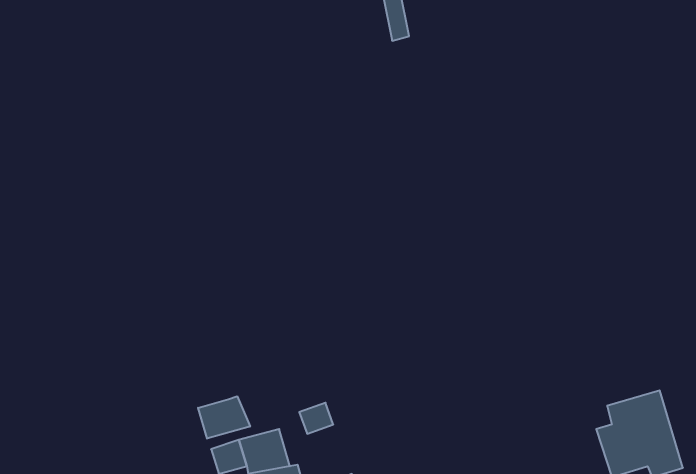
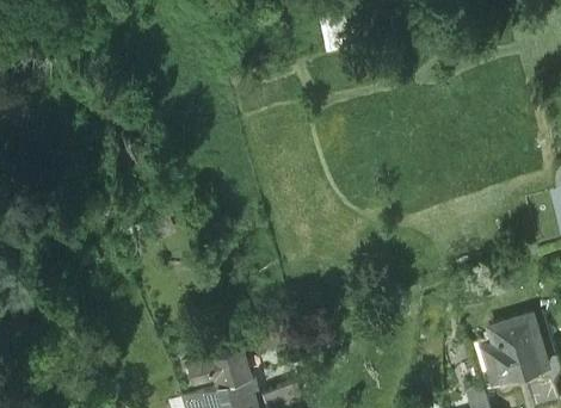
building: [198,396,250,439] -> none

